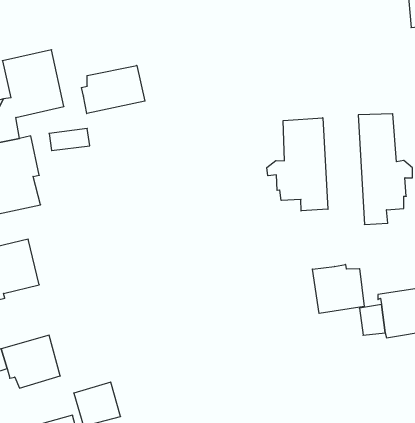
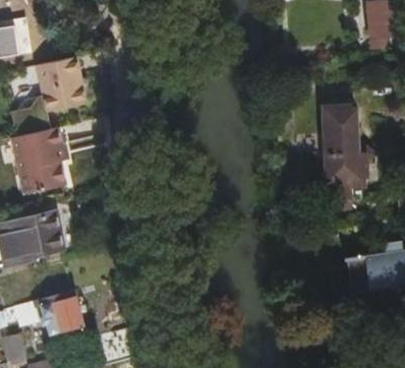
building: [81,65,145,114] -> none
building: [267,118,328,211] -> none
building: [312,264,364,313] -> none

